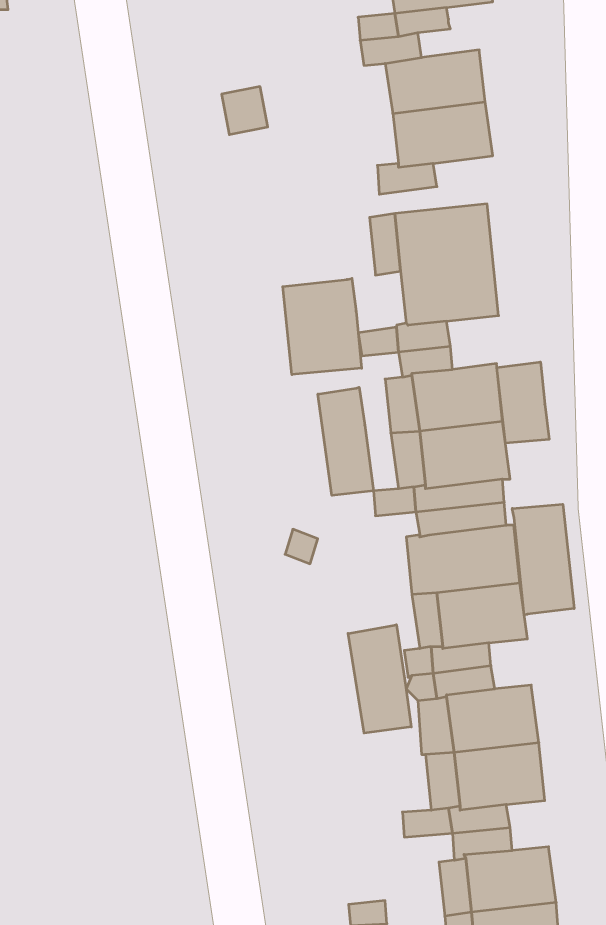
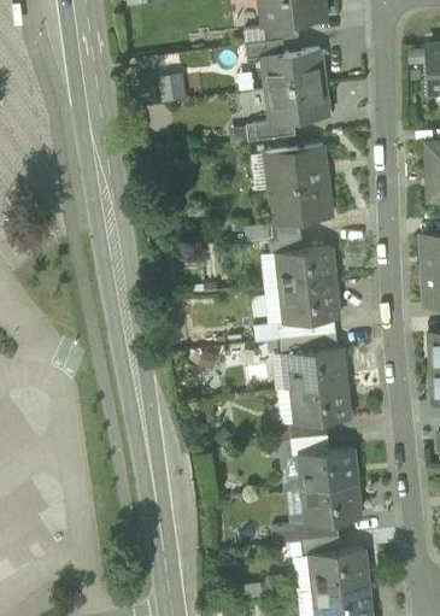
building: [283,278,362,375] -> none
building: [497,362,549,443] -> none
building: [318,387,374,495] -> none
building: [512,504,574,615] -> none
building: [348,625,411,733] -> none

